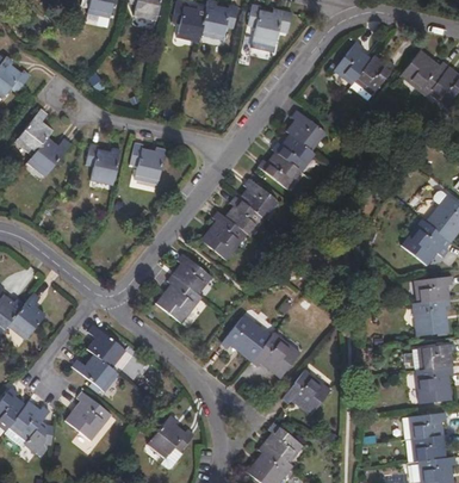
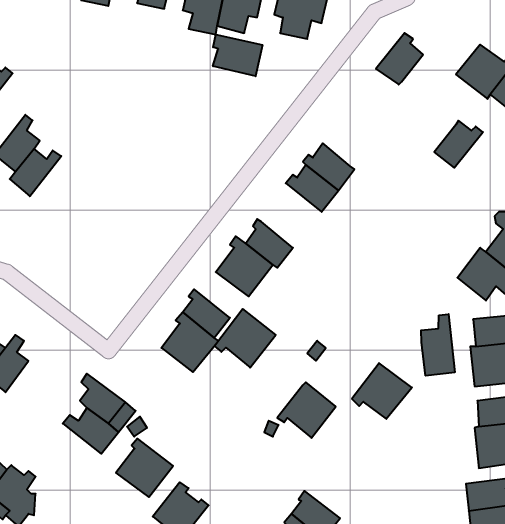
building: none -> [213,35,262,76]
building: [354,55,395,94] -> [434,121,483,168]
building: [285,110,325,151] -> none
building: [86,142,120,185] -> none
building: [130,142,165,185] -> none
building: [237,178,279,219] -> none
building: none -> [421,314,455,376]
building: [221,312,272,361] -> [214,309,276,368]
building: [281,369,331,415] -> [352,363,412,419]
building: [63,391,111,440] -> [116,439,173,497]

